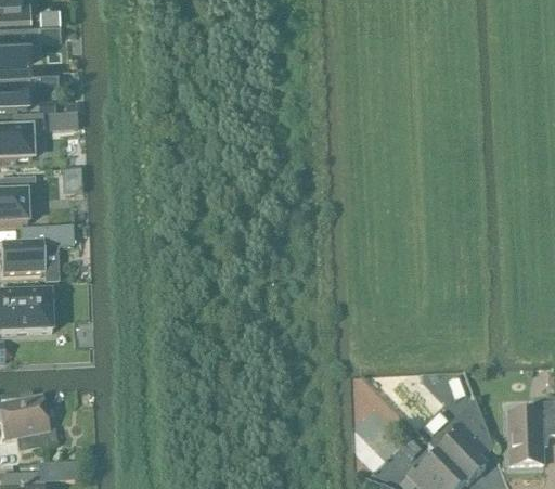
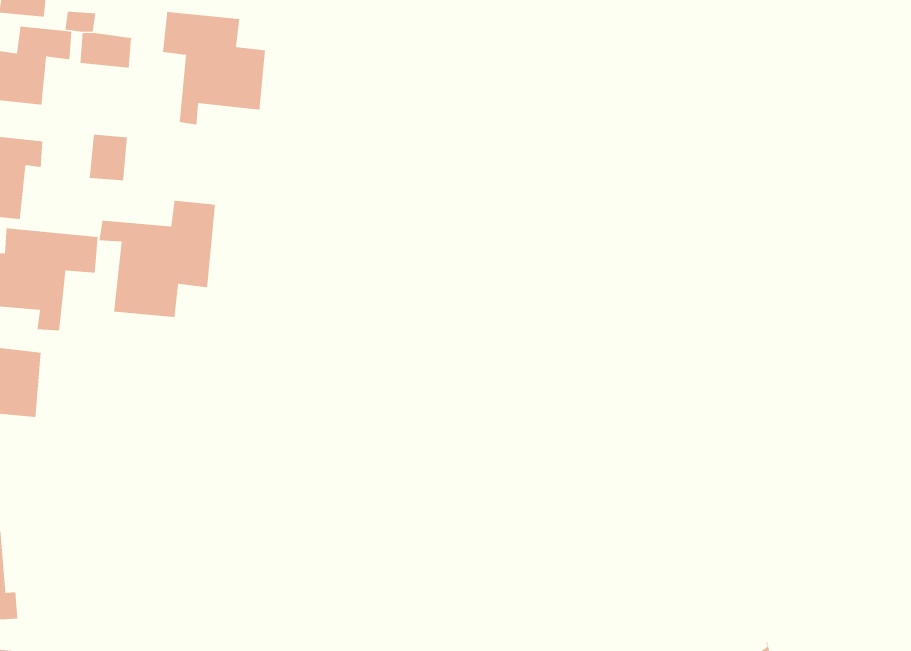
building: none -> [162,11,266,125]
building: none -> [99,200,216,318]

